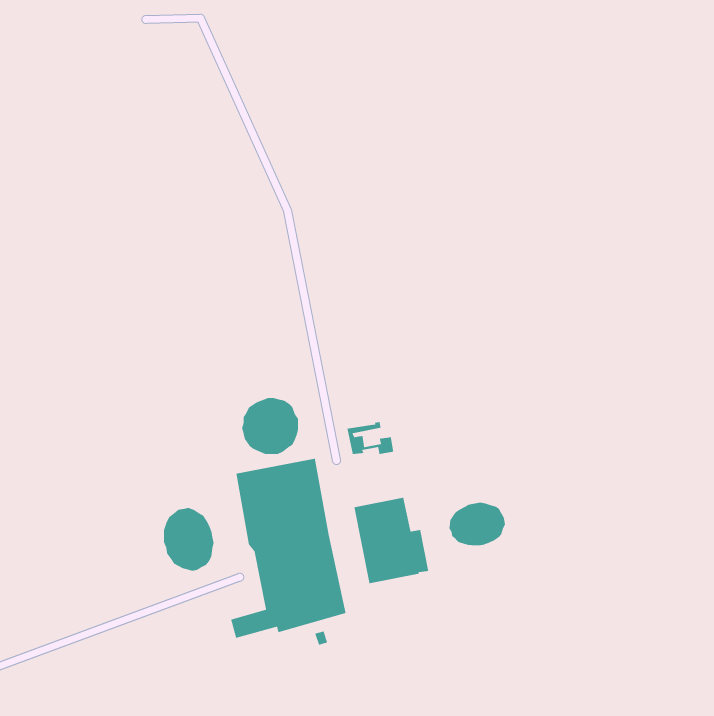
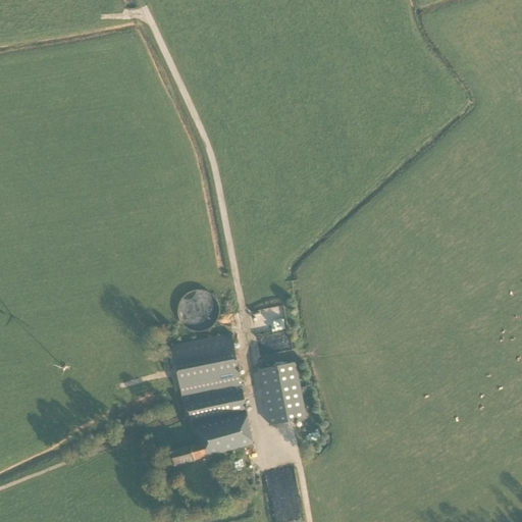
building: [449,502,506,546] -> none
building: [163,507,215,571] -> none

